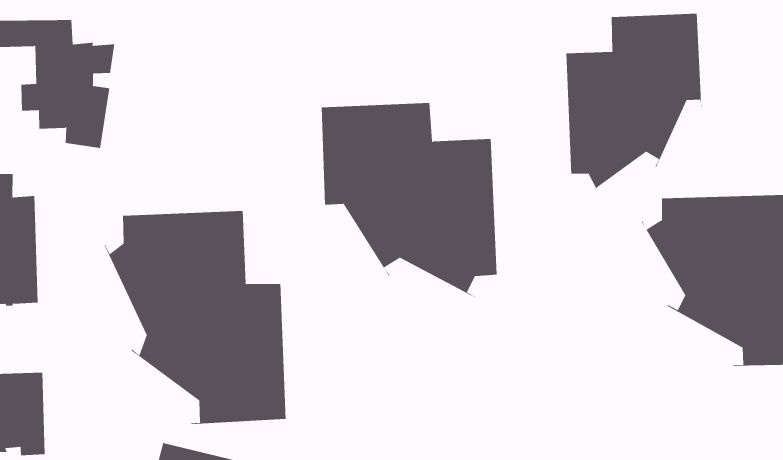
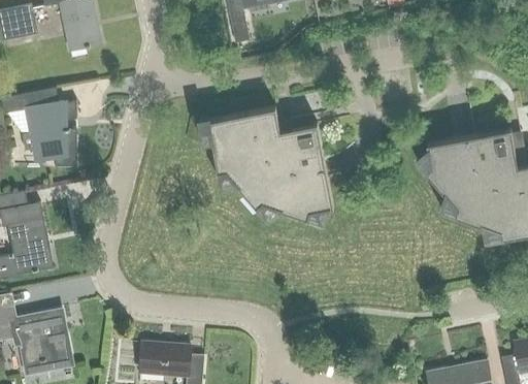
building: [566,13,702,194] -> none
building: [104,210,286,425] -> none

